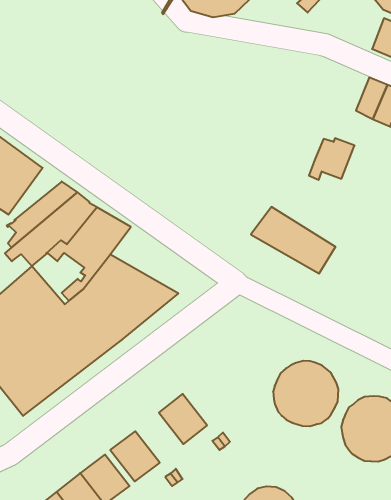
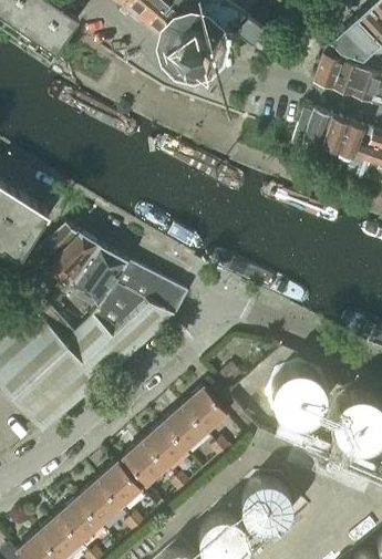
building: none -> [312,58,341,92]
building: [309,138,355,180] -> [292,112,331,149]
building: [251,207,336,274] -> [112,261,187,318]
building: none -> [183,389,226,433]
building: none -> [143,424,186,468]

